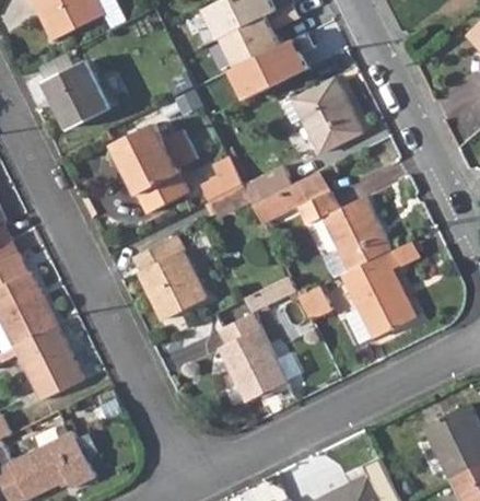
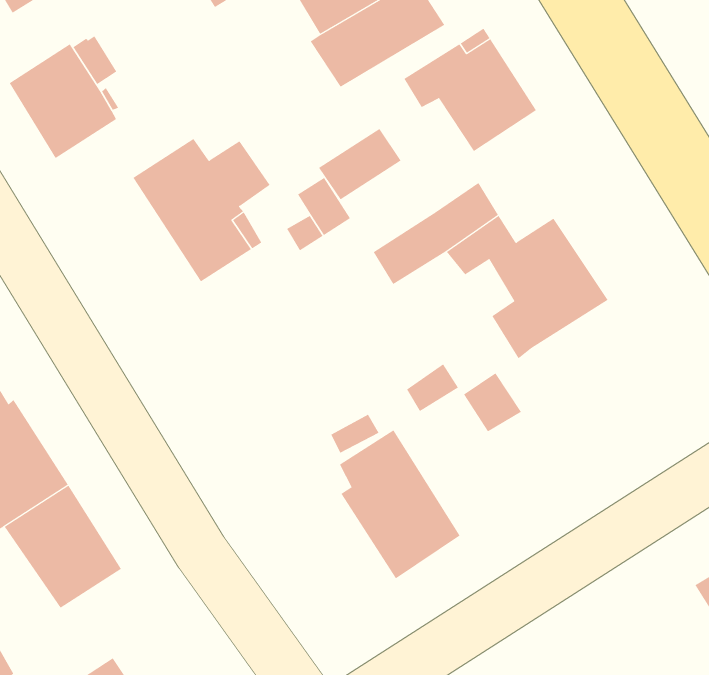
building: [242,165,292,206] -> [318,128,402,200]
building: [131,234,206,319] -> none
building: [341,249,414,338] -> none

